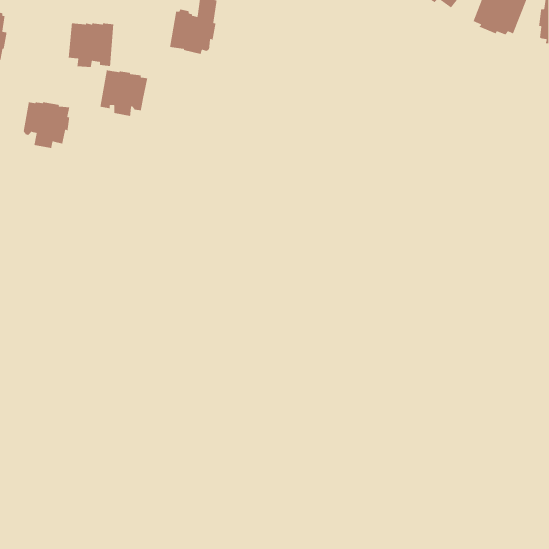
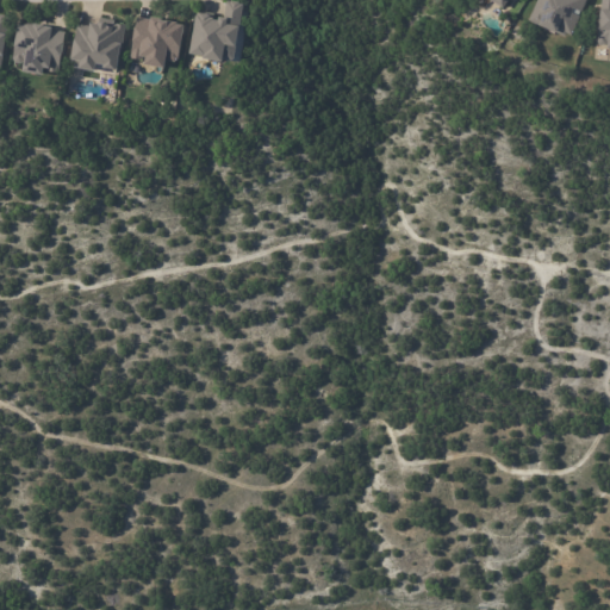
building: [100,69,148,117] -> [129,12,182,64]
building: [23,101,70,149] -> [15,25,68,77]

